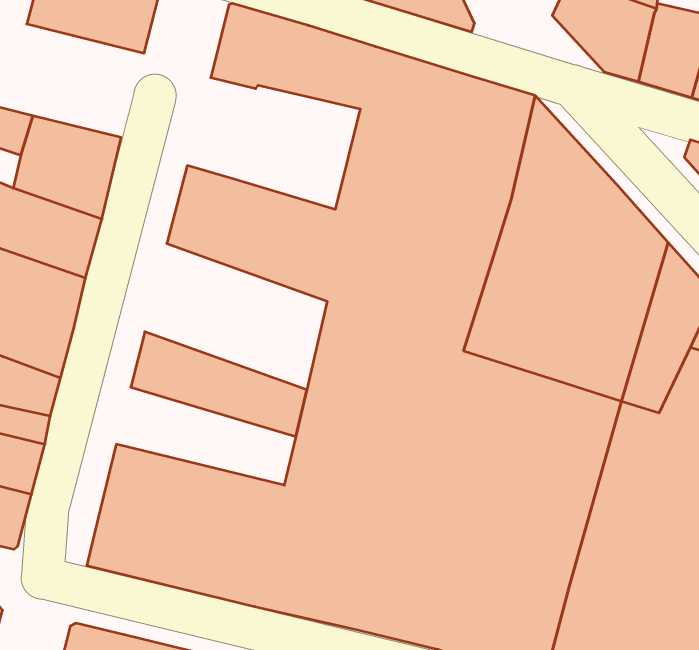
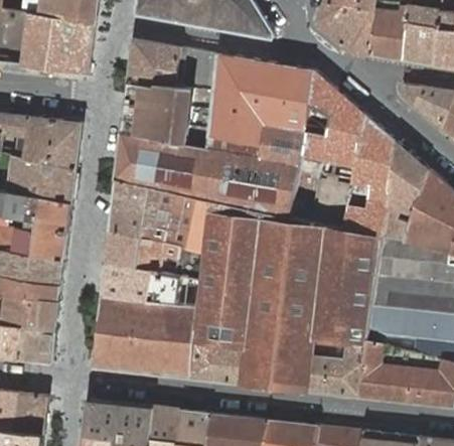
building: none -> [121,83,214,148]
building: none -> [109,179,209,252]
building: none -> [101,263,201,307]

